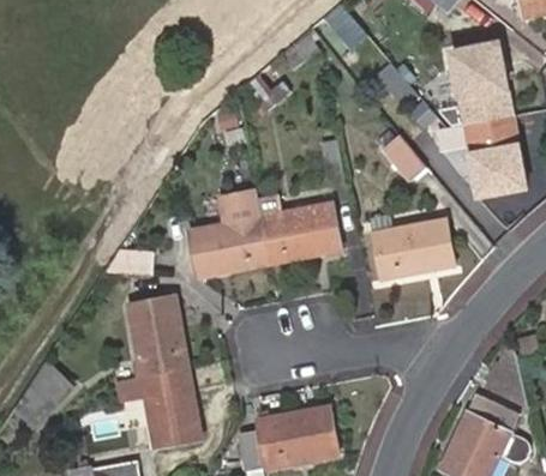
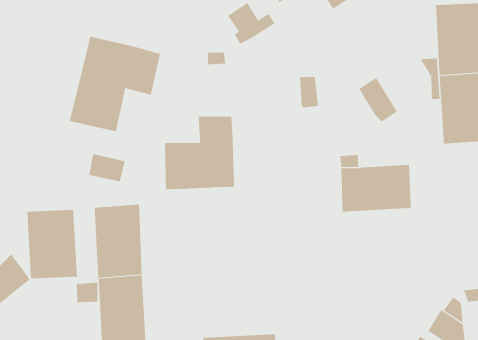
building: none -> [69,36,161,132]
building: [259,200,341,264] -> none
building: none -> [27,209,77,279]

